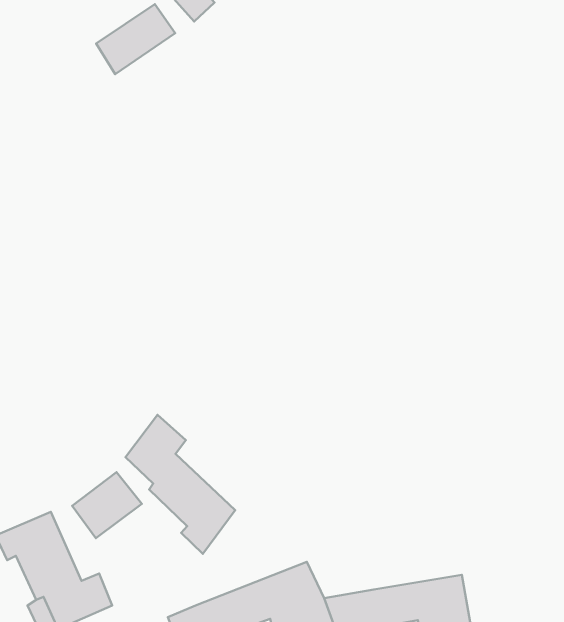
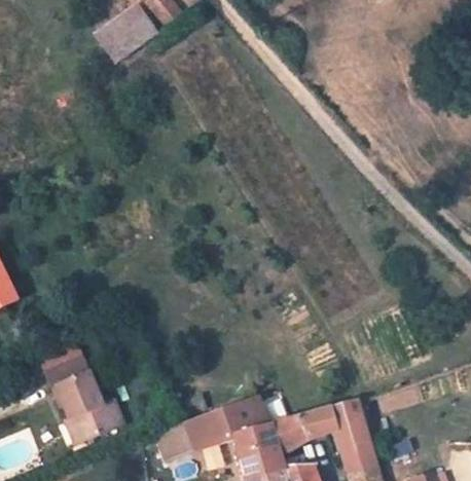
building: [125,415,235,554] -> none
building: [72,472,142,538] -> none

